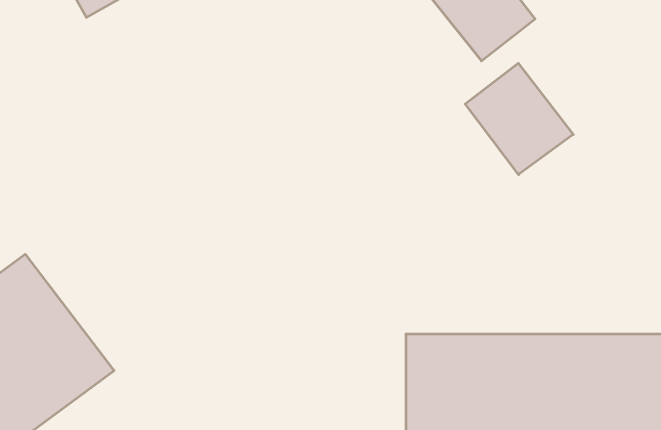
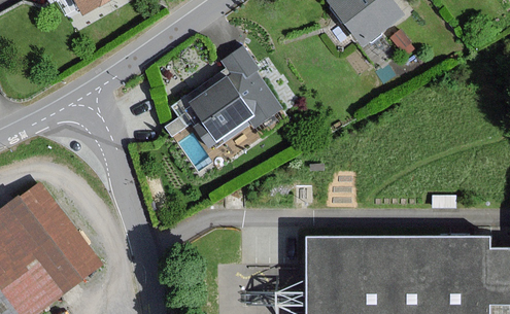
building: none -> [186,46,281,148]
building: [465,63,573,175] -> none

